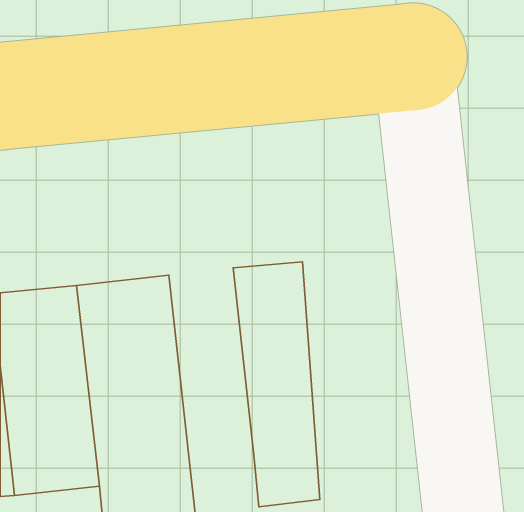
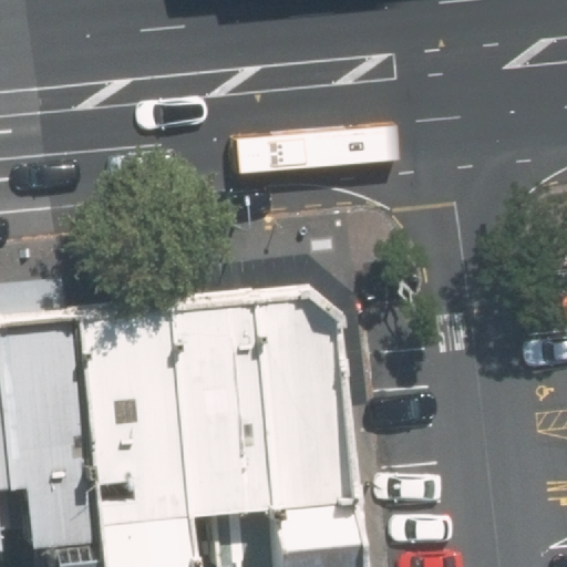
building: none -> [186,305,277,513]

